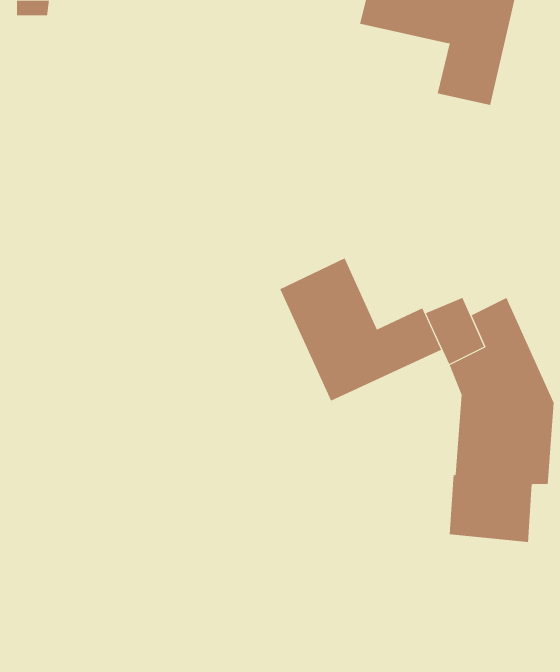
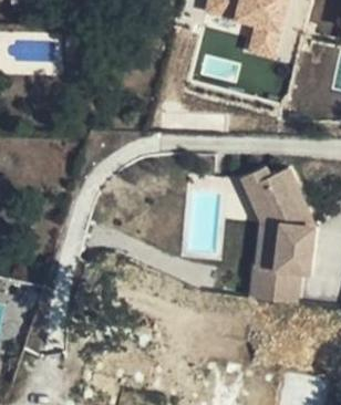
building: [280,257,442,401] -> none

